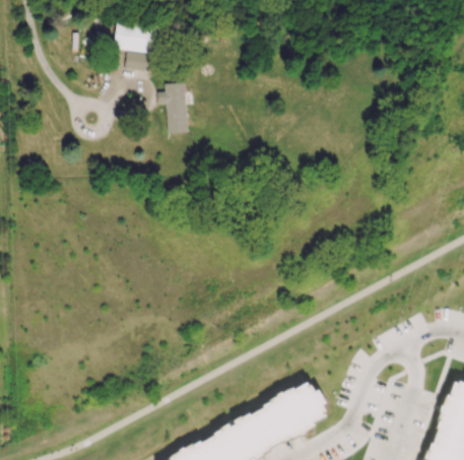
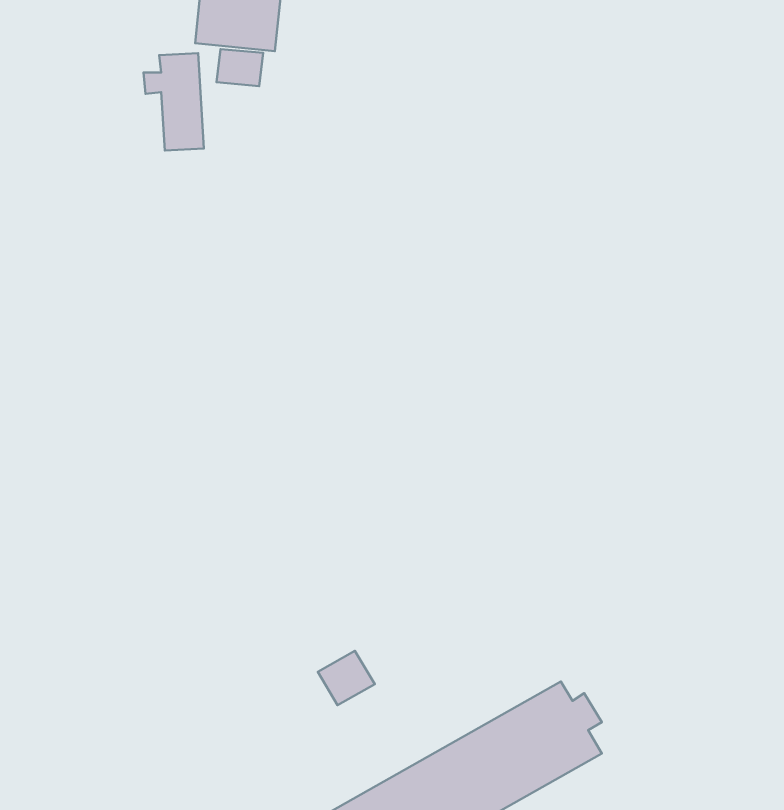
building: [157,81,189,132] -> [144,53,204,150]
building: none -> [318,651,375,705]

